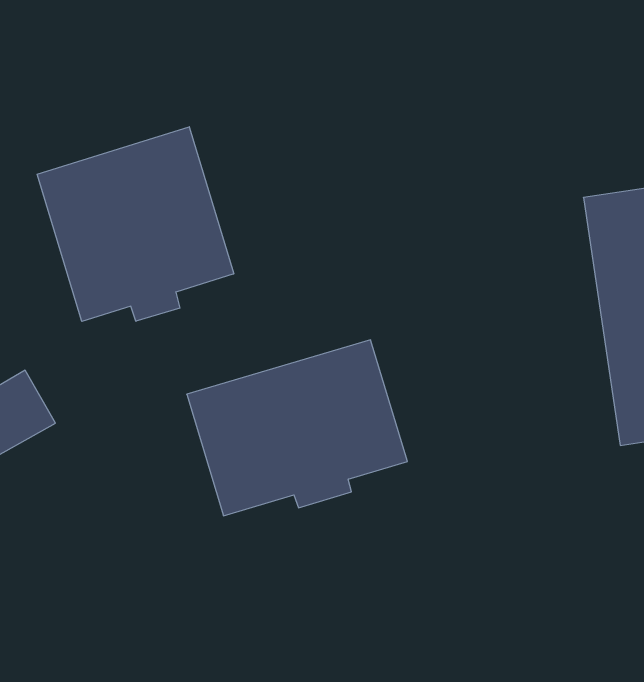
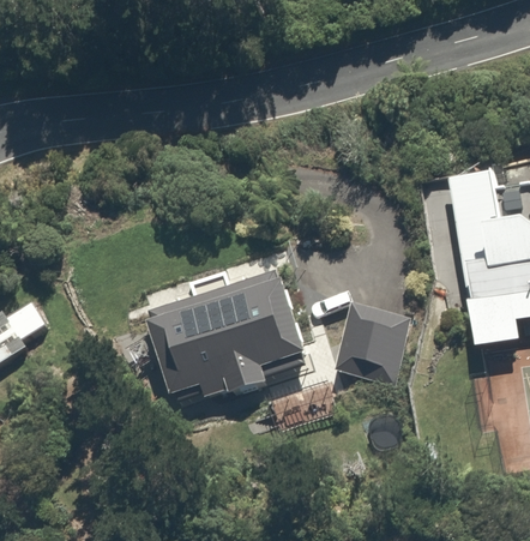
building: [37,127,234,321] -> none
building: none -> [330,301,406,384]

